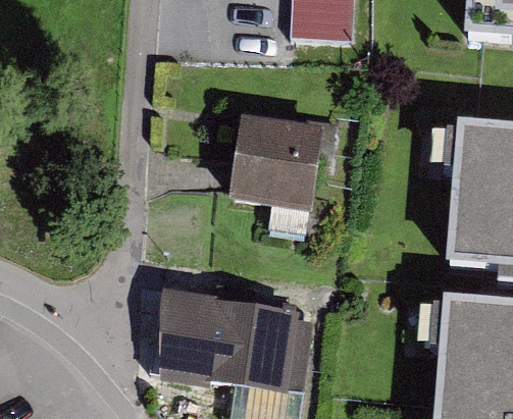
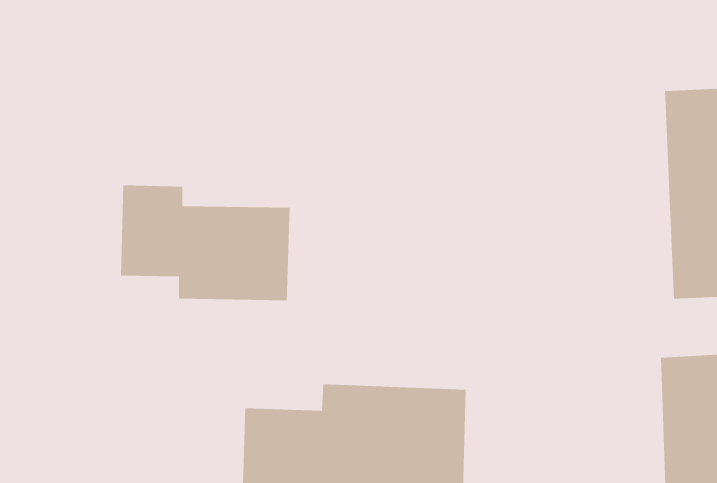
building: [235,113,324,205] -> none
building: none -> [120,185,290,301]

